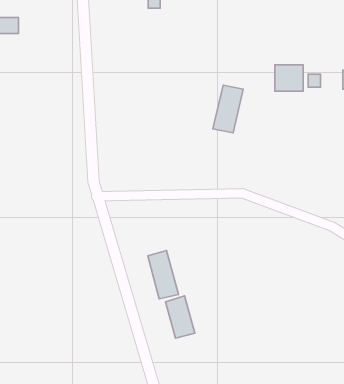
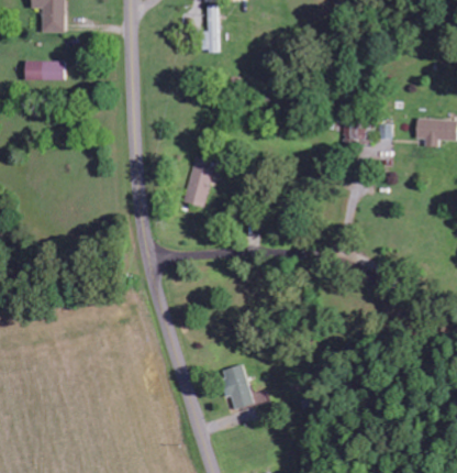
building: [213,85,243,133] -> [182,156,215,208]
building: [148,251,178,299] -> none

